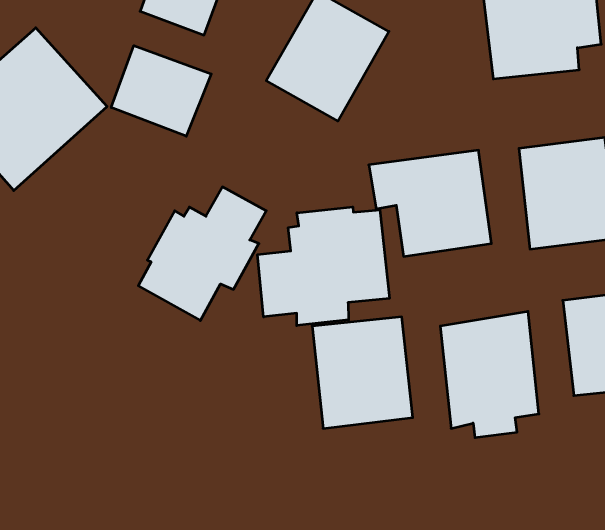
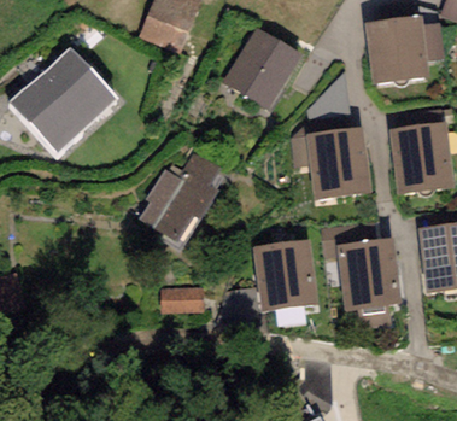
building: [111,46,211,136] -> none
building: [258,207,389,326] -> none
building: none -> [162,286,203,315]

